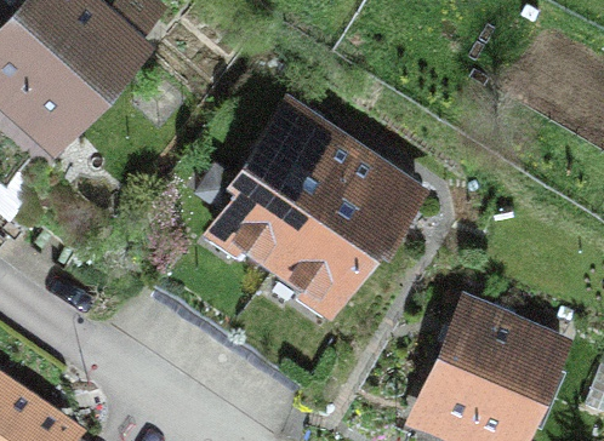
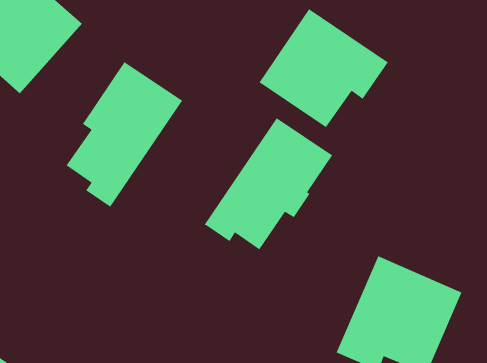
building: none -> [259,8,389,128]
building: [223,104,354,268] -> [66,61,183,208]

